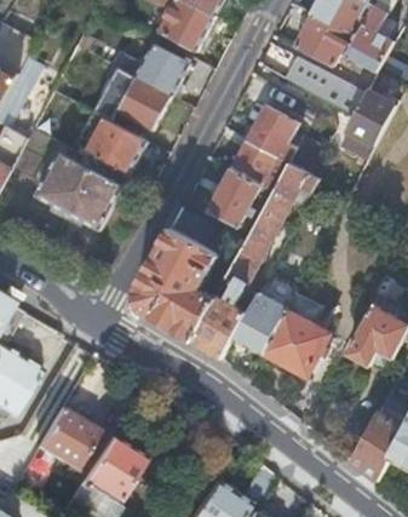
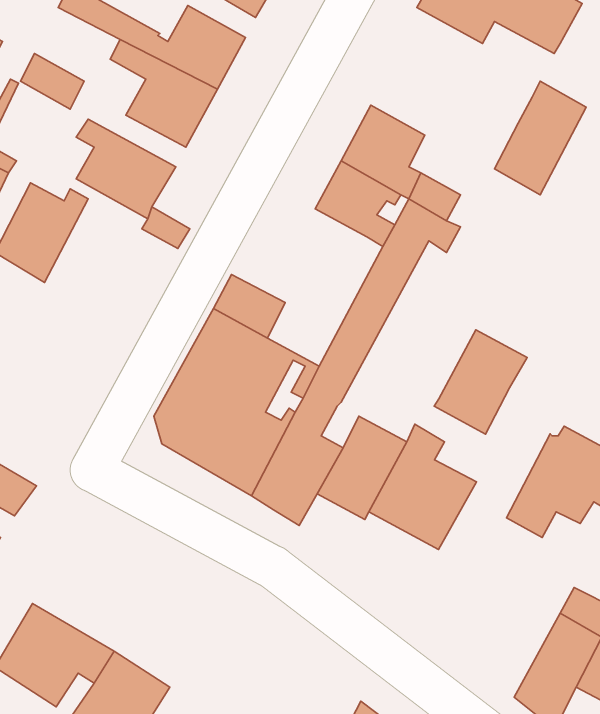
building: [285,56,362,114] -> none
building: [65,160,121,228] -> none
building: [207,166,262,226] -> none
building: none -> [434,330,527,434]

